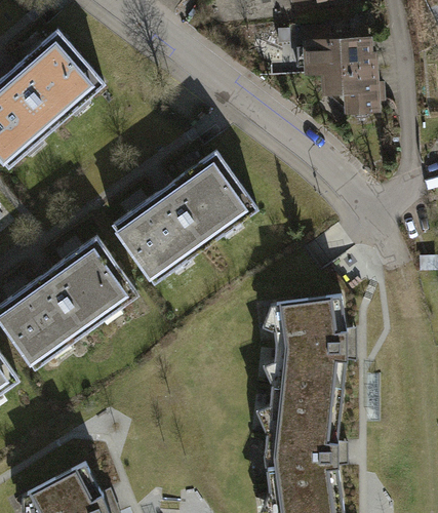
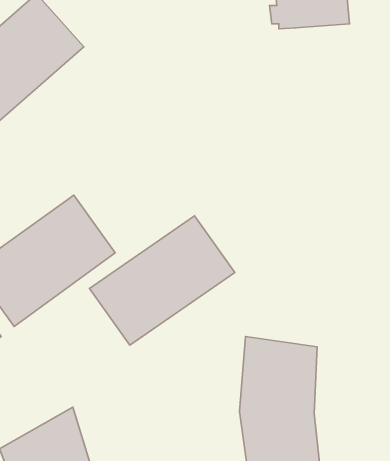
building: [320,63,377,115] -> none
building: [111,151,258,282] -> [89,216,235,345]
building: [269,298,345,391] -> none

